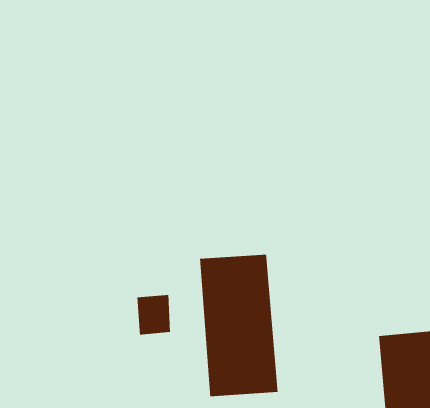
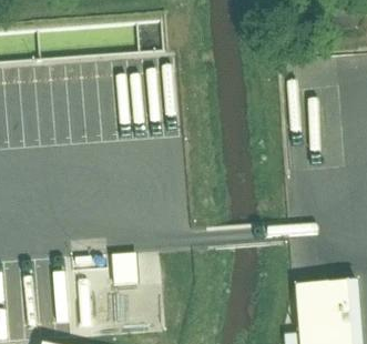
building: [199,254,279,397] -> none

